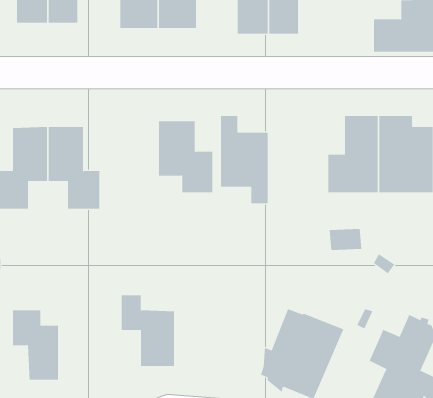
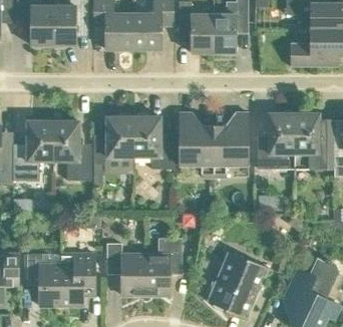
building: none -> [214,112,249,177]
building: none -> [93,116,133,164]
building: none -> [145,238,182,295]
building: none -> [61,254,95,306]

